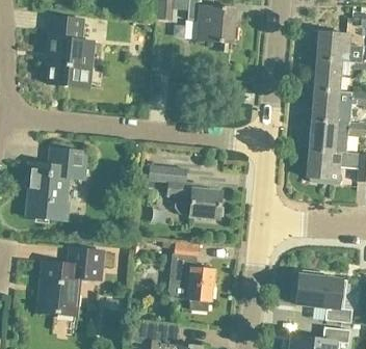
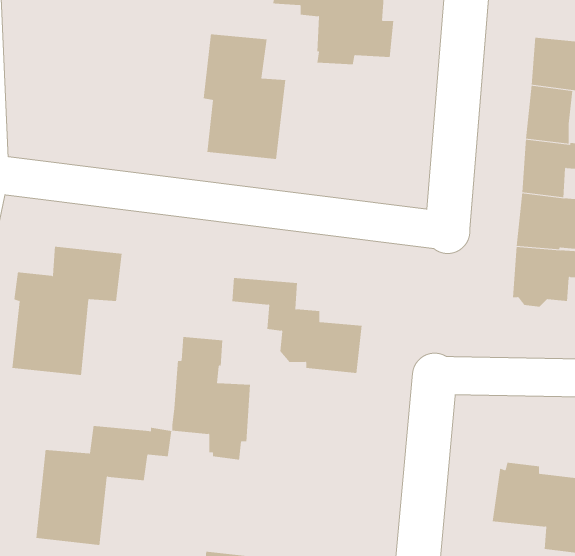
building: [47,16,94,86] -> [203,34,286,159]
building: [168,242,213,312] -> [172,336,251,460]

